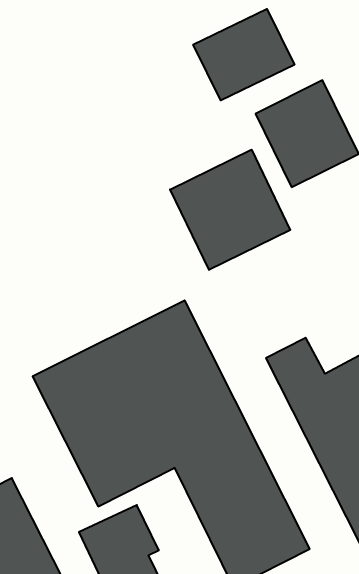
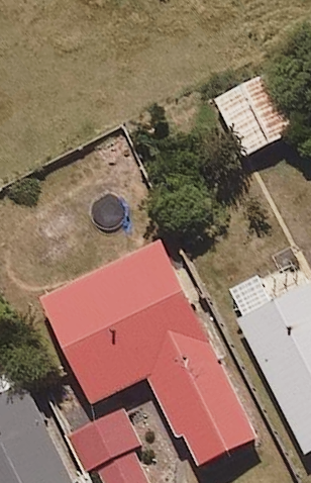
building: [193,9,294,100] -> none
building: [170,150,290,270] -> none

